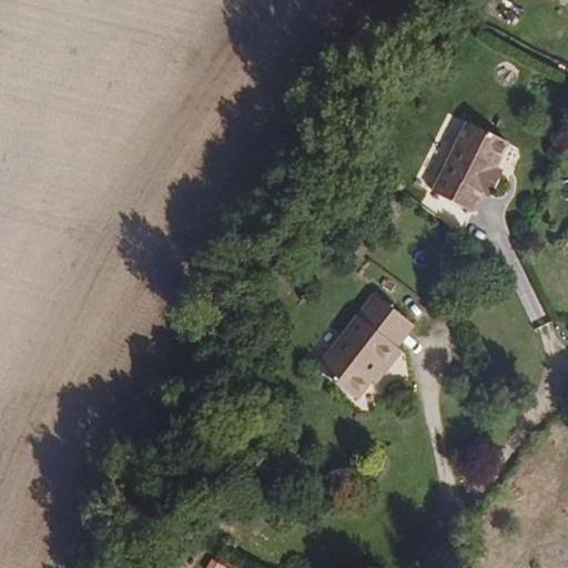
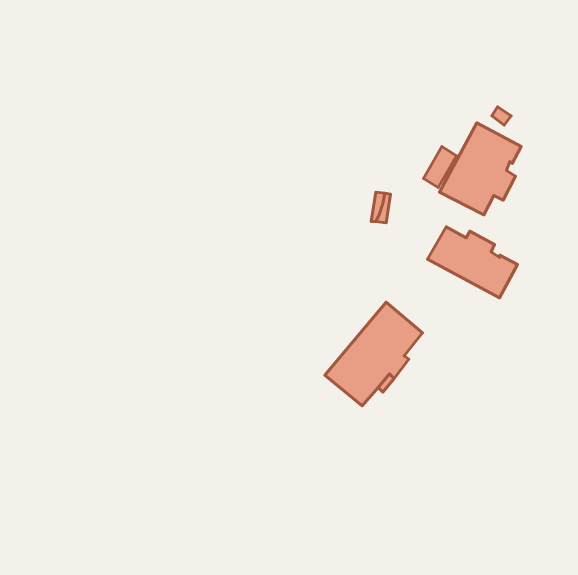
building: none -> [427,227,517,298]

